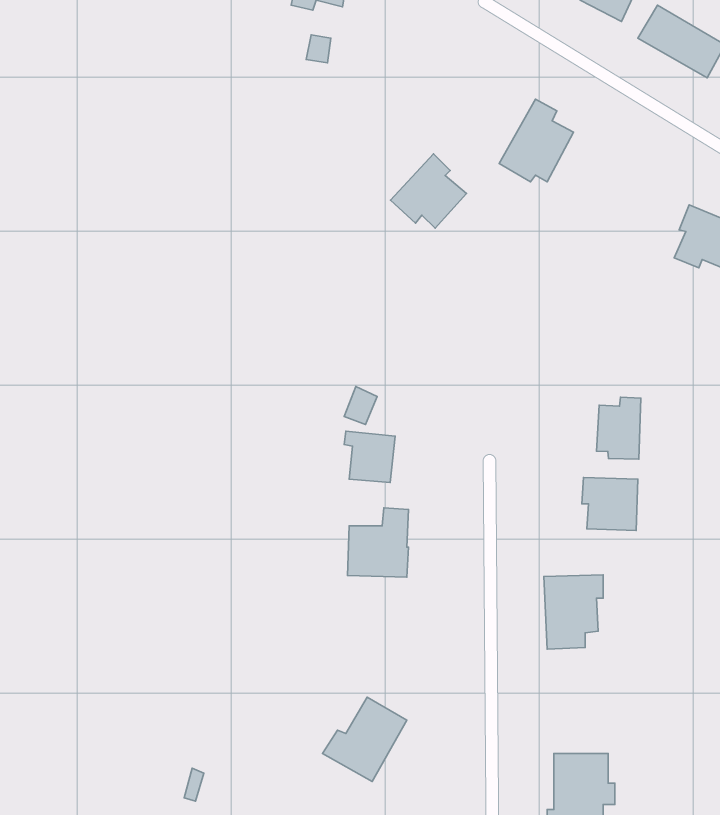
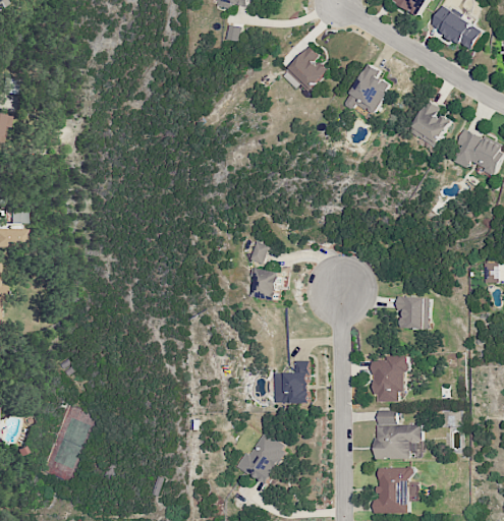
building: [391,154,467,228] -> [282,46,329,92]
building: none -> [408,100,450,147]
building: [597,397,641,459] -> none
building: [347,508,408,577] -> [272,360,310,403]
building: none -> [375,411,424,459]

